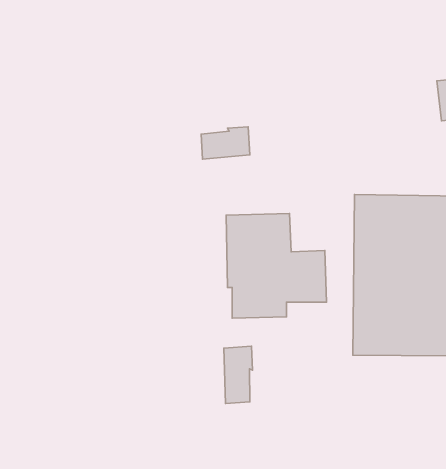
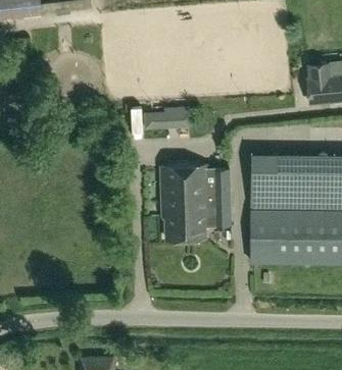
building: [224,346,252,404] -> none

